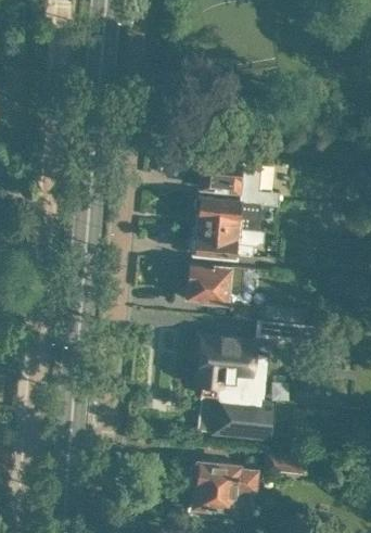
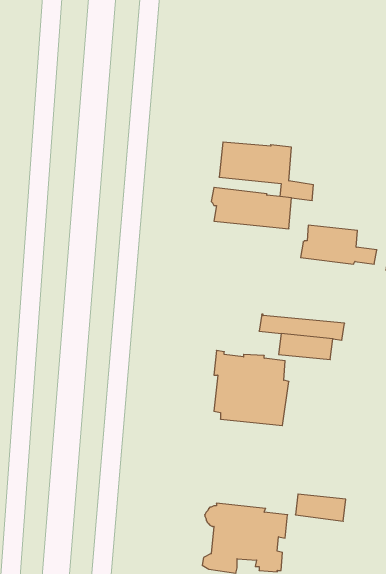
building: [190,225,254,257] -> [301,225,377,264]
building: [185,262,232,305] -> none
building: [197,391,280,440] -> none

